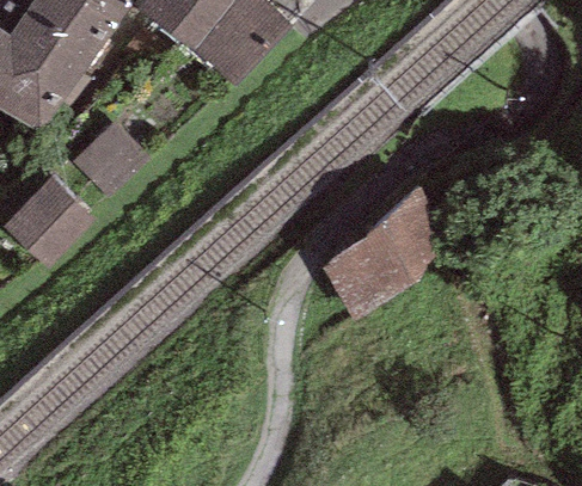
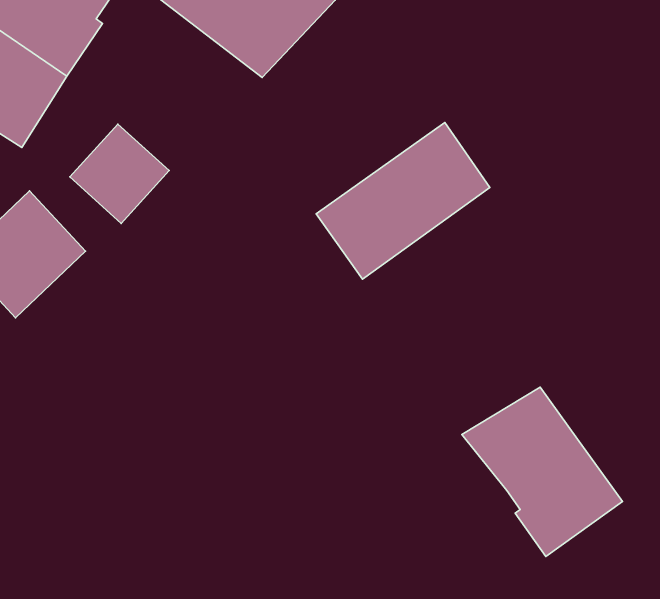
building: [317,196,451,316] -> [316,122,490,279]
building: none -> [462,387,623,556]

